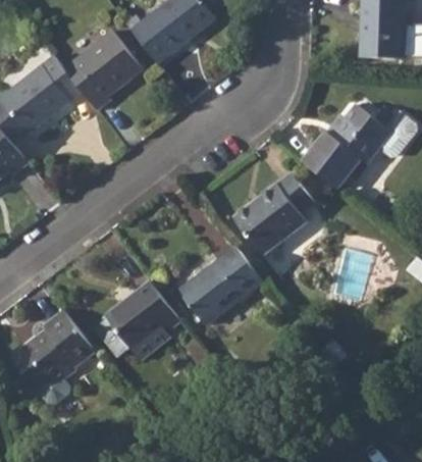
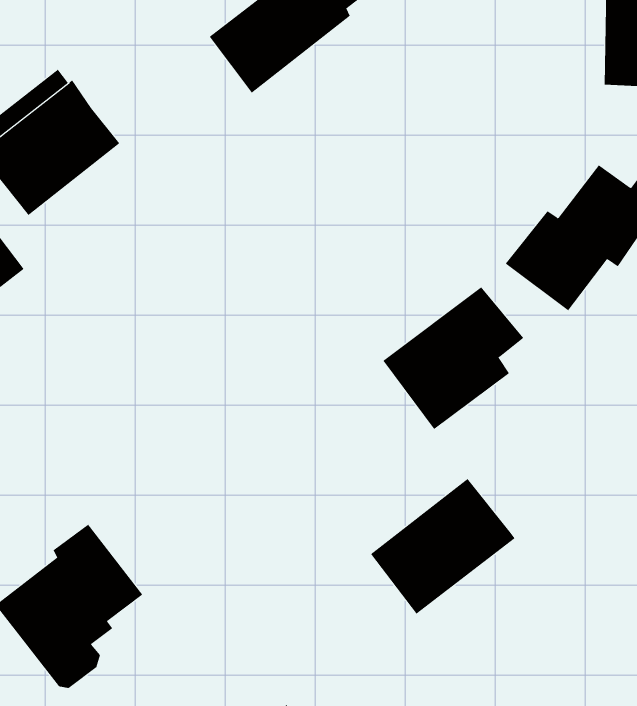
building: [65,32,142,109] -> none
building: [178,247,262,325] -> [370,478,516,614]
building: [95,281,179,362] -> none

